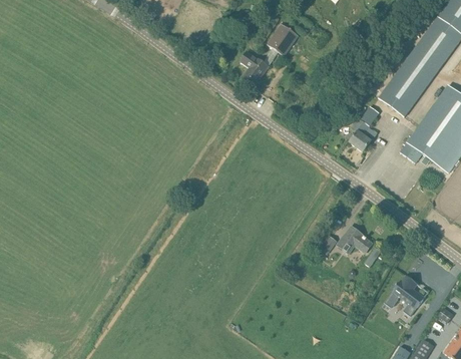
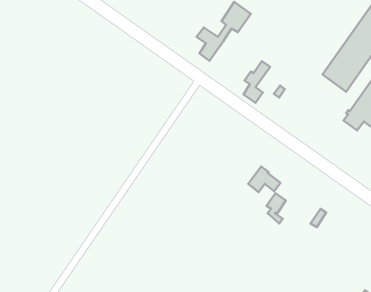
building: [350,105,379,150] -> [243,61,270,103]
building: [337,225,372,253] -> [248,166,280,192]
building: [385,274,425,314] -> none

